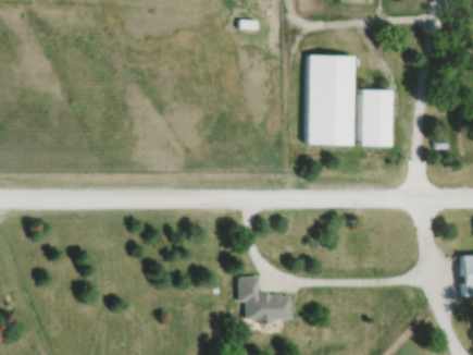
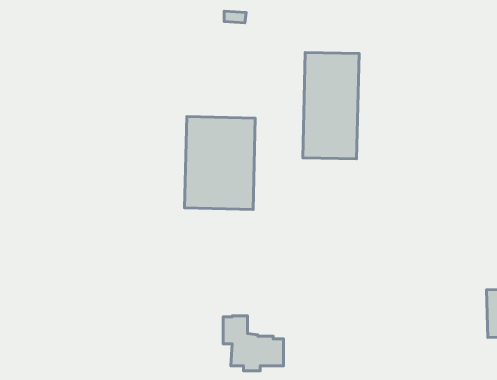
building: [360,89,391,146] -> none
building: none -> [184,117,255,209]

